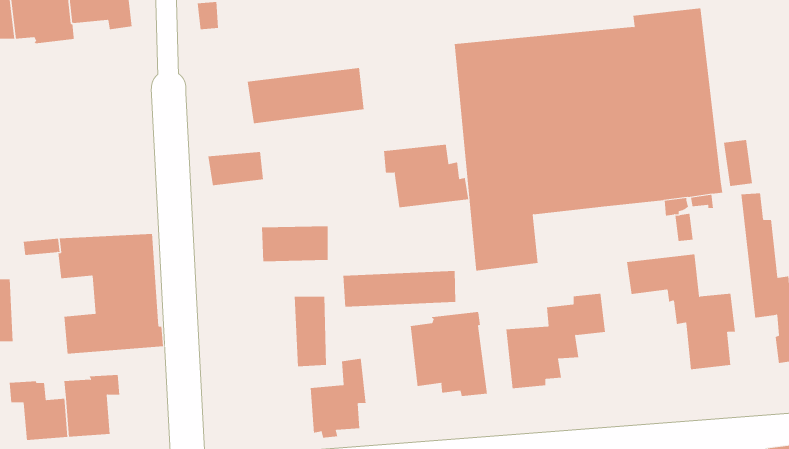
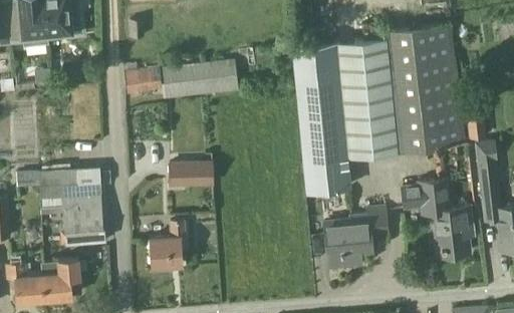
building: [383,144,469,208] -> none
building: [208,151,264,186] -> [123,72,160,94]
building: [343,270,456,307] -> none
building: [410,311,488,397] -> none
building: [310,358,366,438] -> [149,221,185,272]

